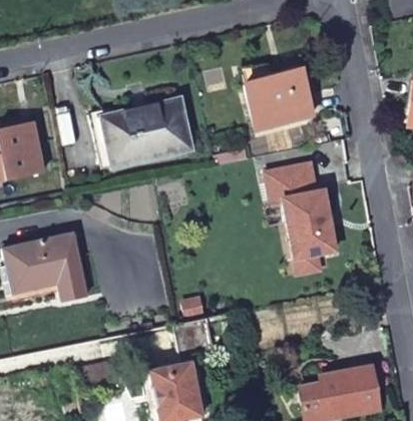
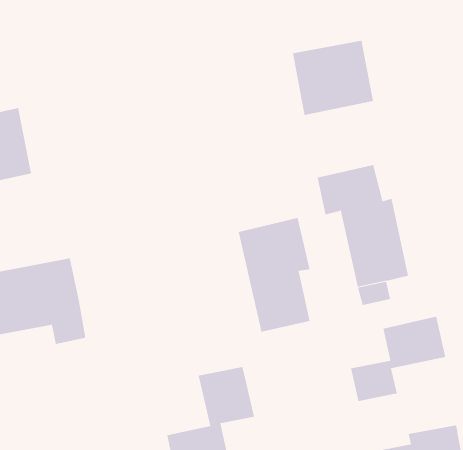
building: [101,96,194,167] -> none
building: none -> [238,217,310,333]
building: none -> [350,316,446,402]

